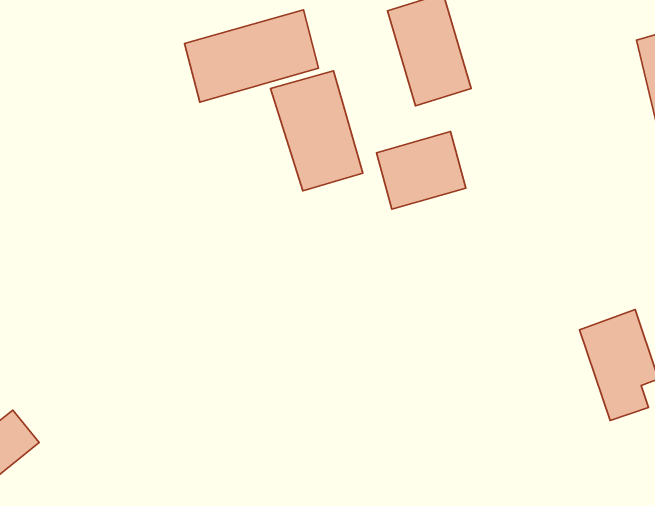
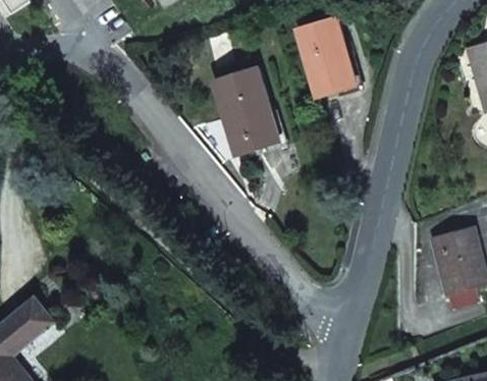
building: [185,10,318,102] -> none
building: [377,132,466,209] -> none

